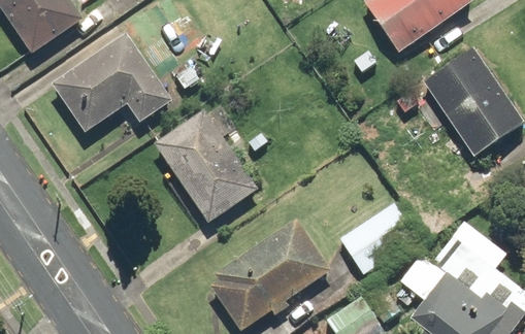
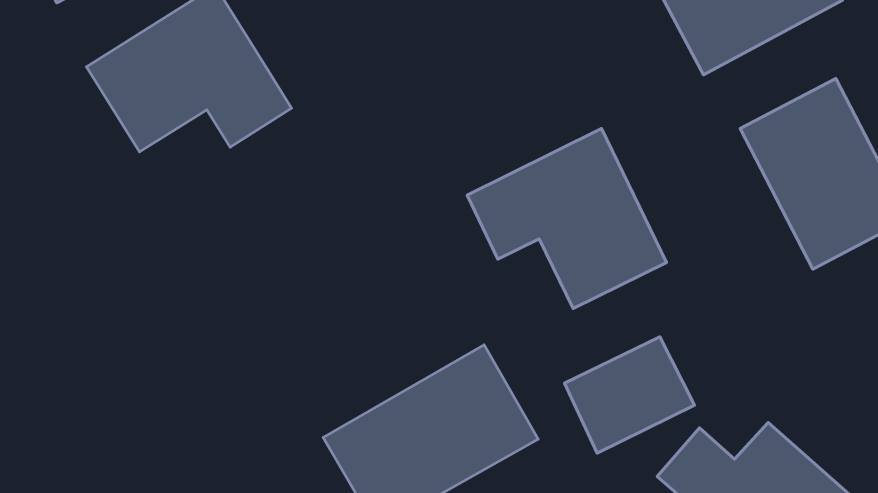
building: none -> [467,129,667,309]
building: [154,110,256,222] -> none

